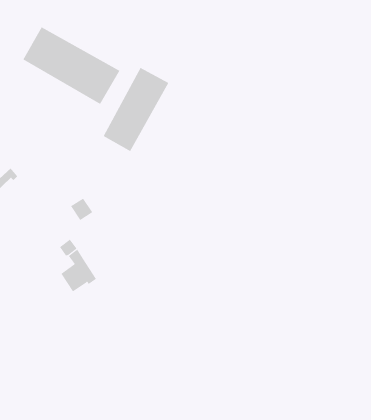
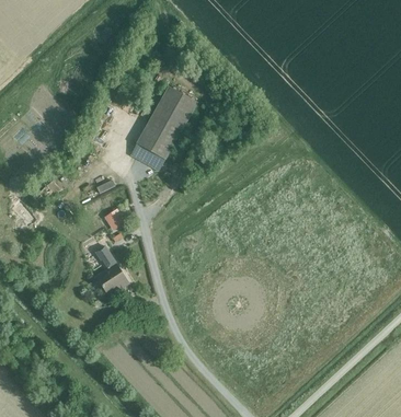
building: [23,26,120,105] -> none

